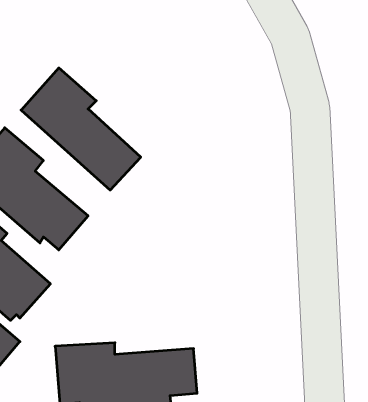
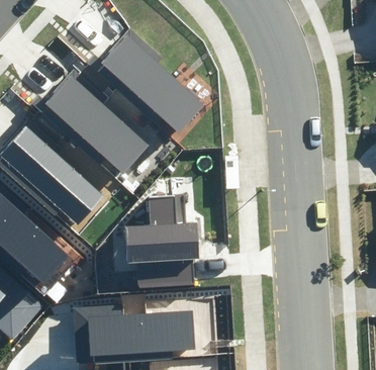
building: none -> [98,28,206,132]
building: none -> [125,196,200,288]

